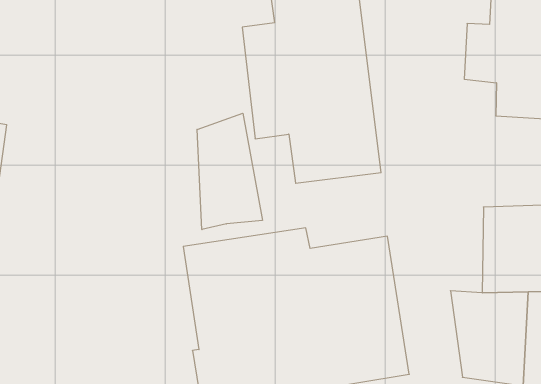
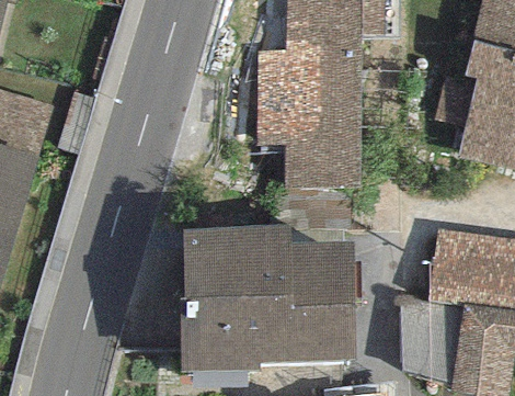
building: [197,113,262,230] -> none

